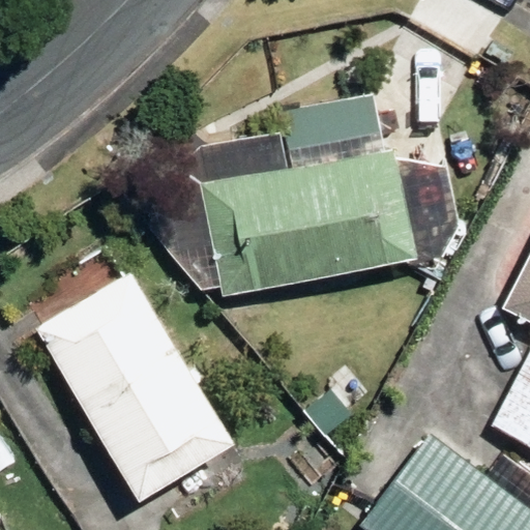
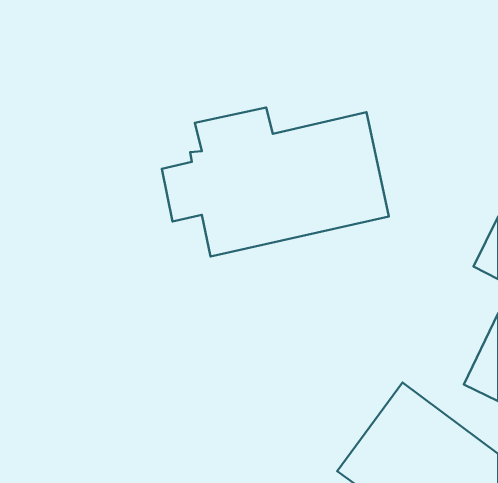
building: [34,267,232,490] -> none

